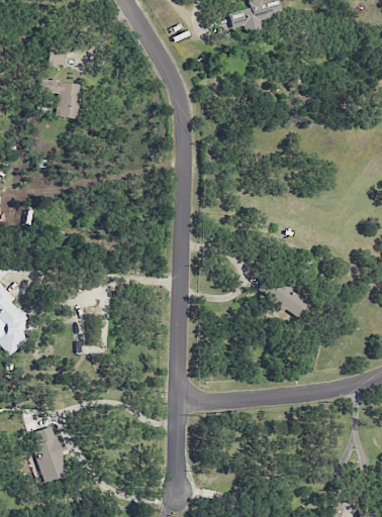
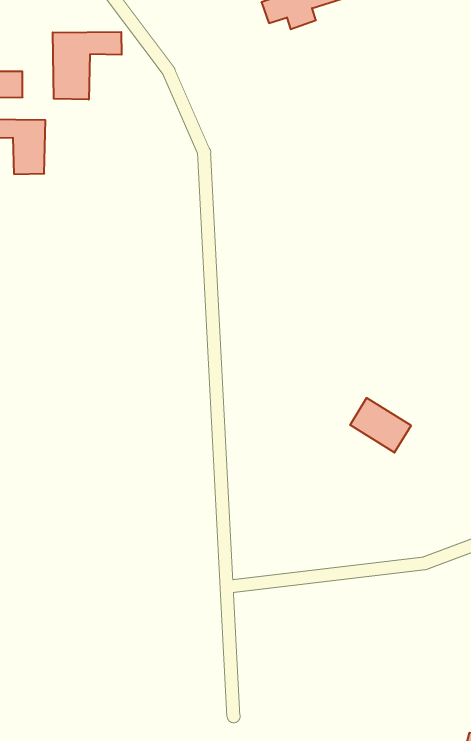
building: none -> [53,32,122,100]
building: [32,426,67,482] -> none

